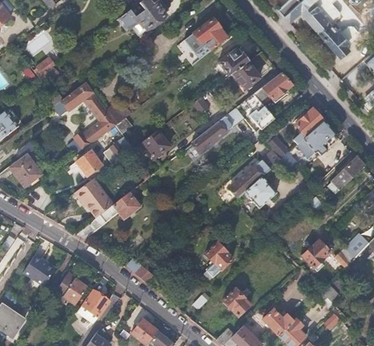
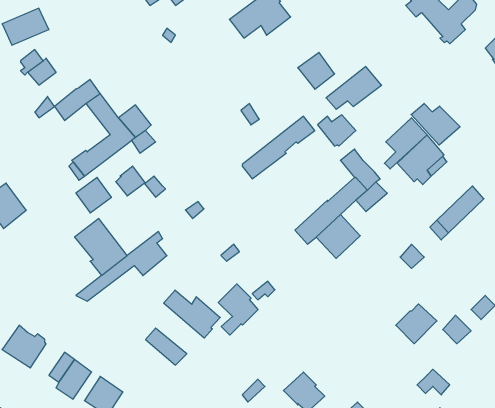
building: [219,48,249,76] -> none
building: none -> [411,103,460,145]
building: [139,130,170,158] -> none
building: none -> [164,290,220,338]
building: [205,240,233,276] -> [218,284,258,335]

